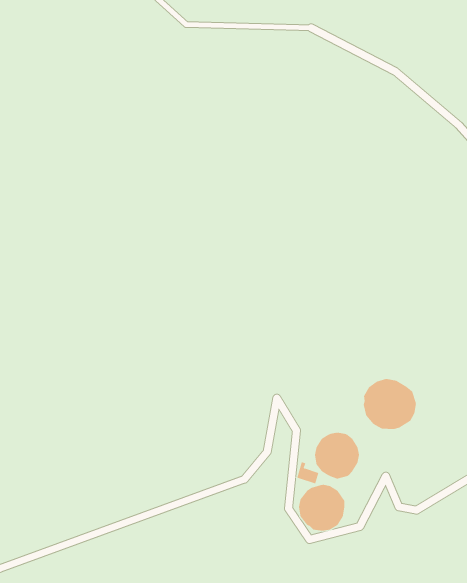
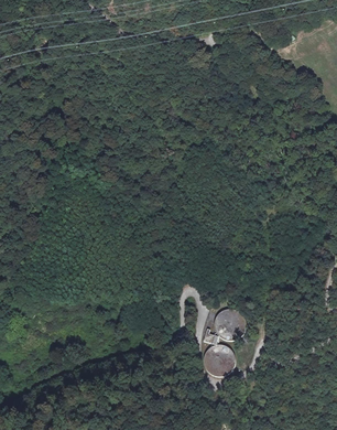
building: [363,378,416,430] -> none

